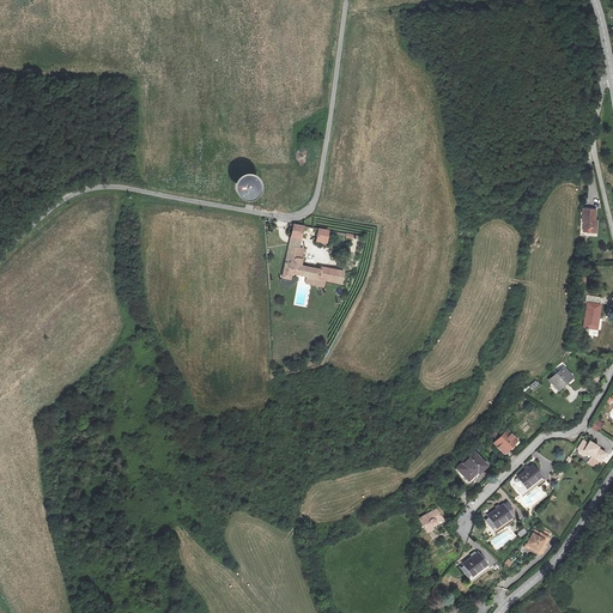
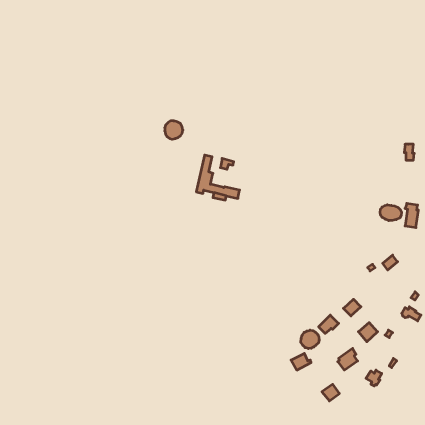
building: none -> [380,205,402,221]
building: none -> [301,330,319,349]

